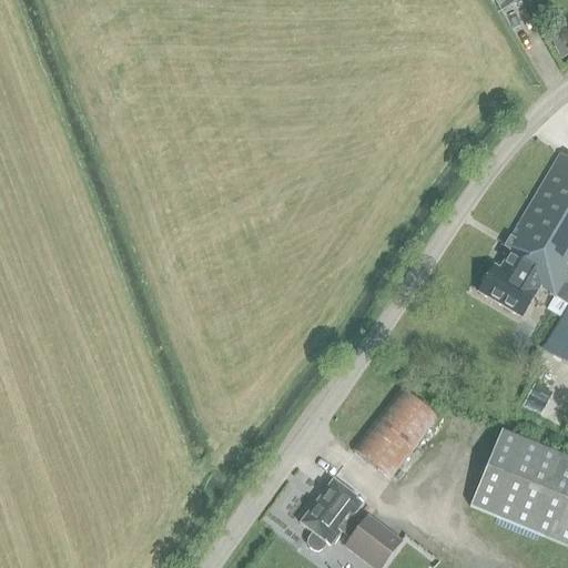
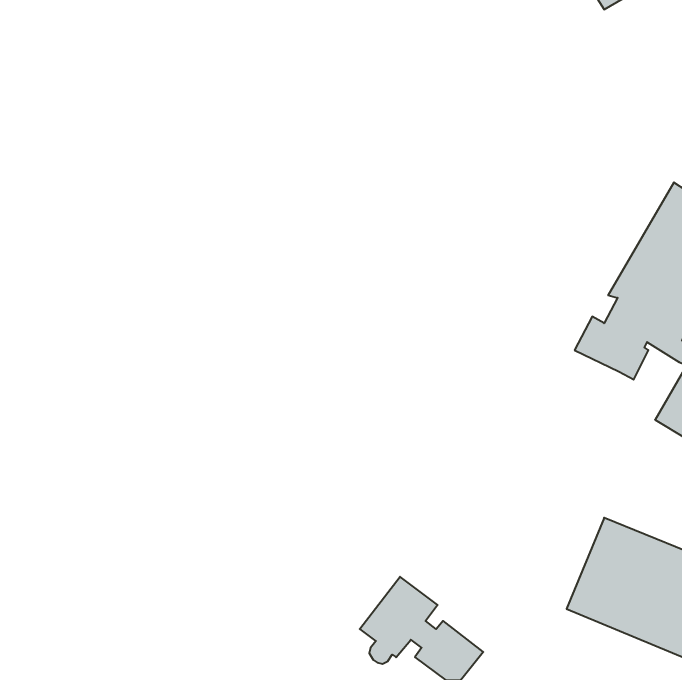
building: [354,387,438,477] -> none

